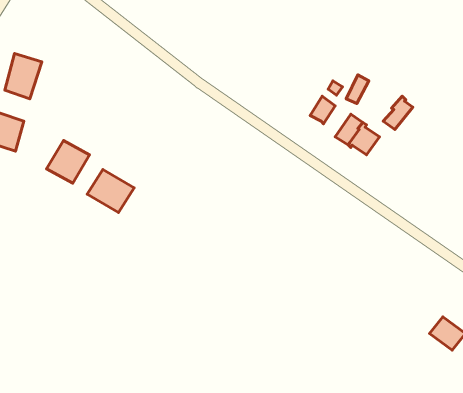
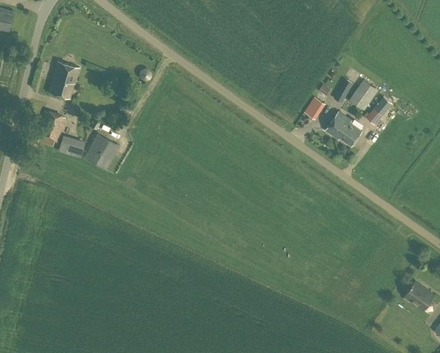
building: none -> [349,80,378,111]
building: none -> [57,135,85,158]
building: [87,170,134,212] -> none

